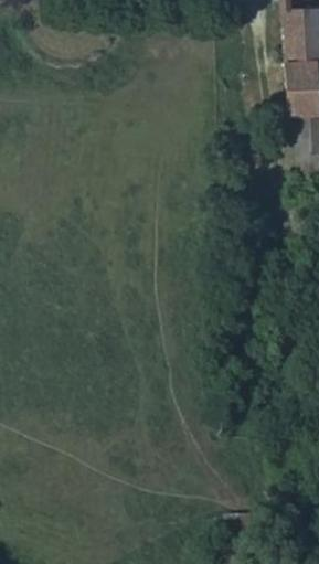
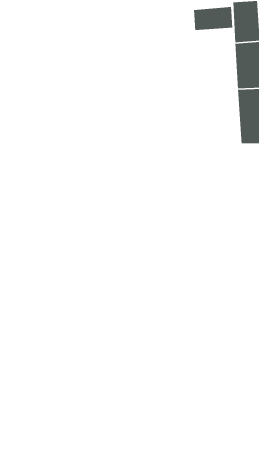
building: none -> [193,6,233,31]

